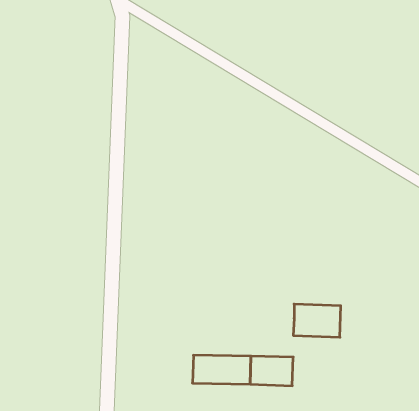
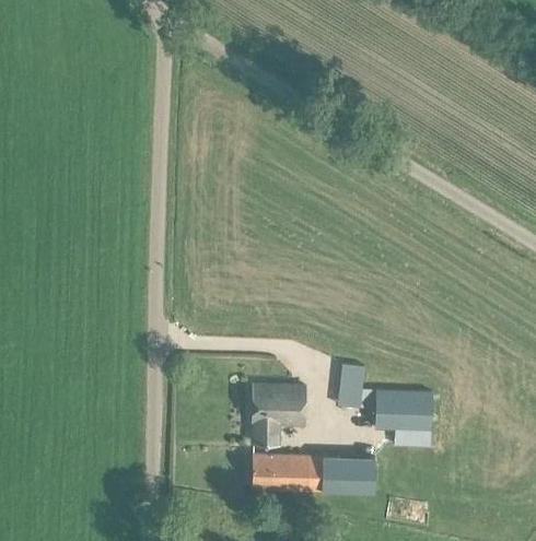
building: none -> [338,366,364,400]
building: none -> [252,387,304,445]

